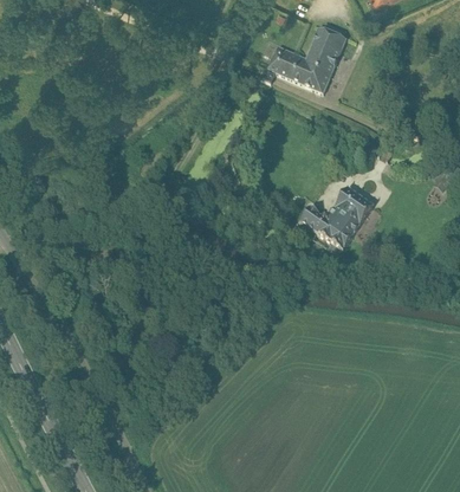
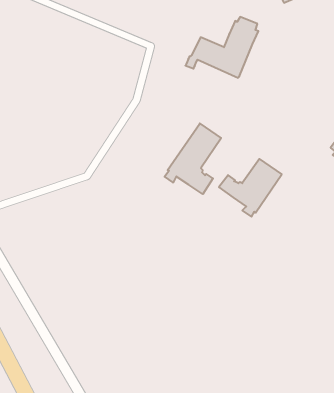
building: none -> [165,123,221,194]

